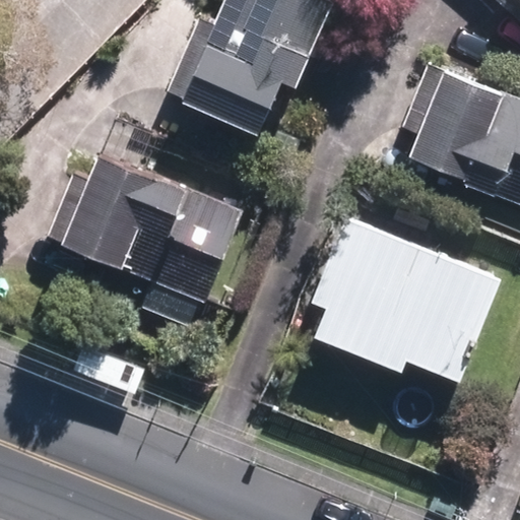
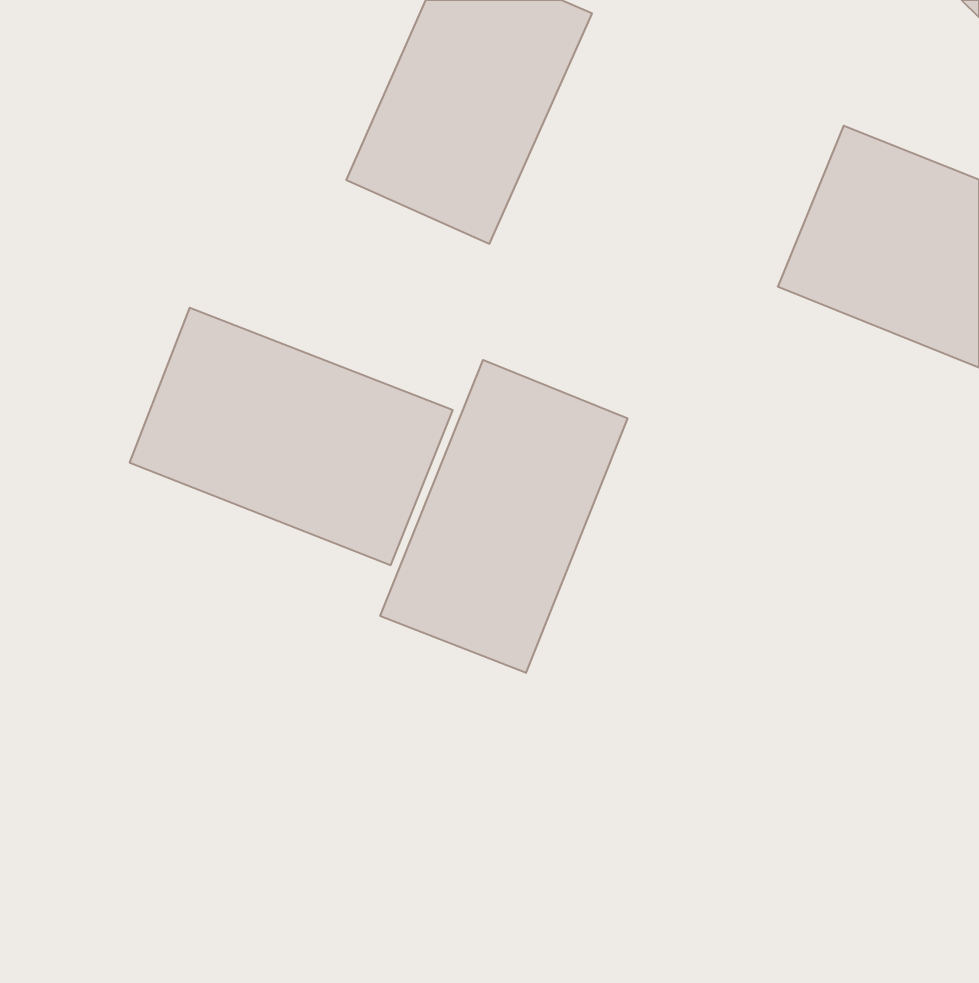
building: none -> [380,360,627,673]
building: [317,222,488,374] -> none

